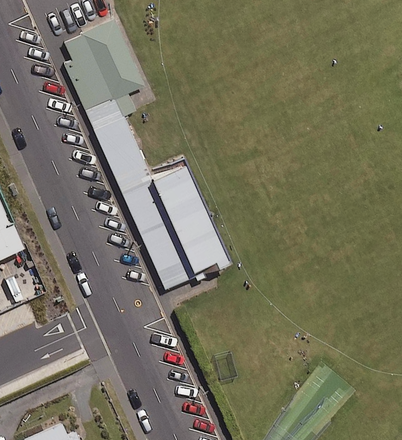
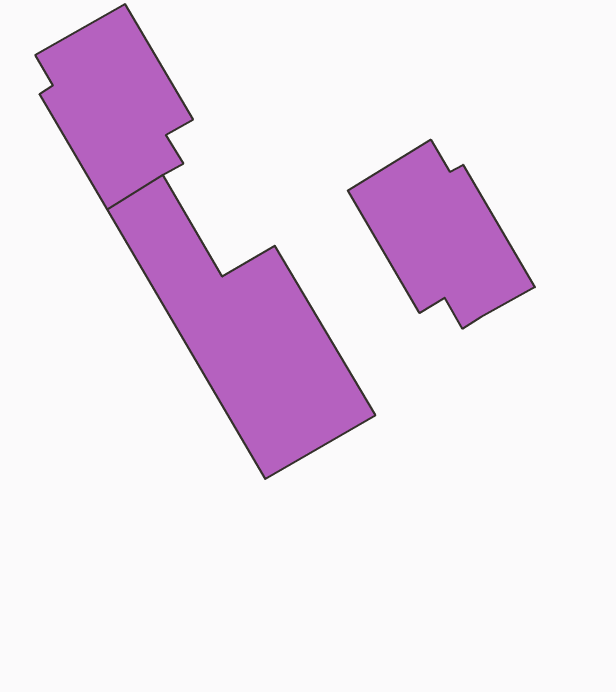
building: none -> [348,140,535,329]

